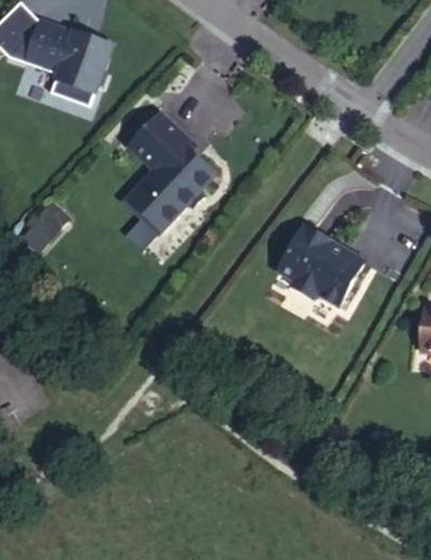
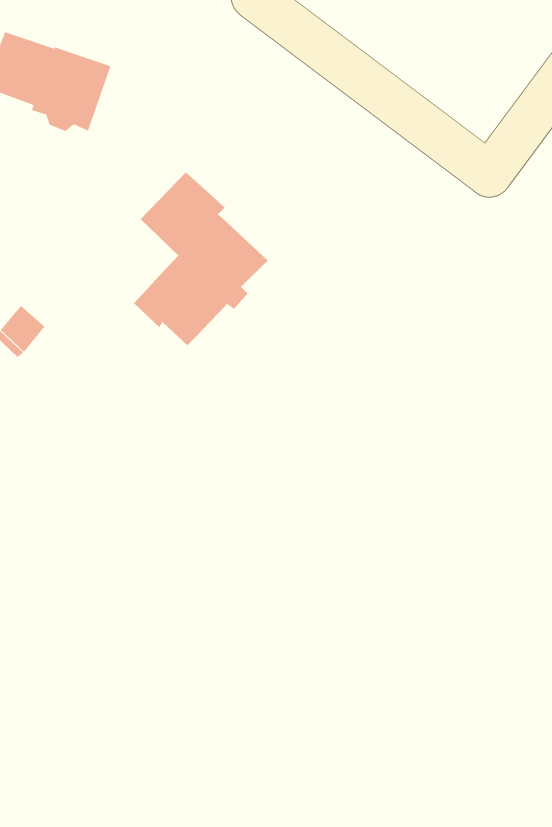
building: [277,224,362,306] -> none

